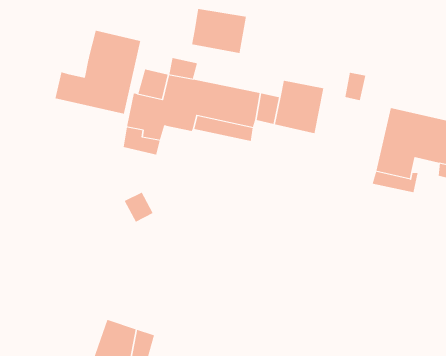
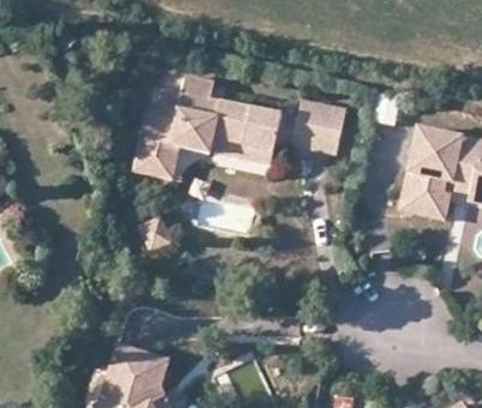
building: [192,8,247,54] -> none
building: [55,30,141,114] -> none

